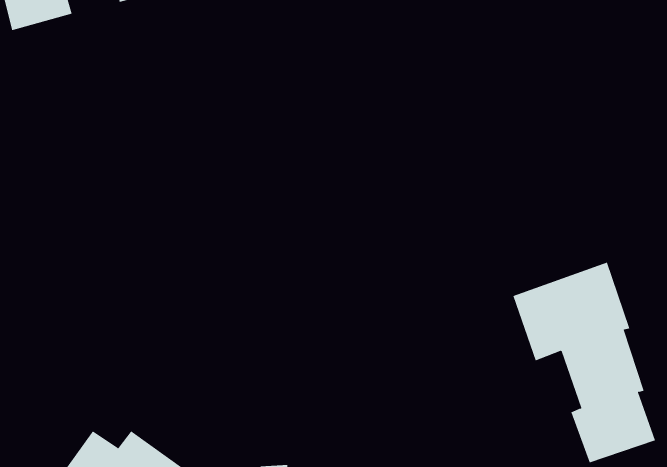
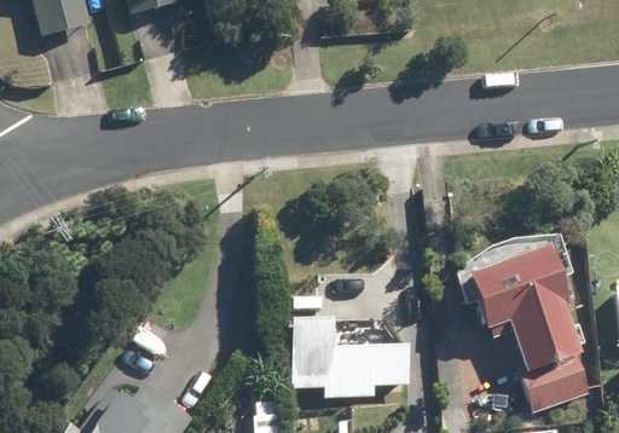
building: none -> [291,311,410,396]

